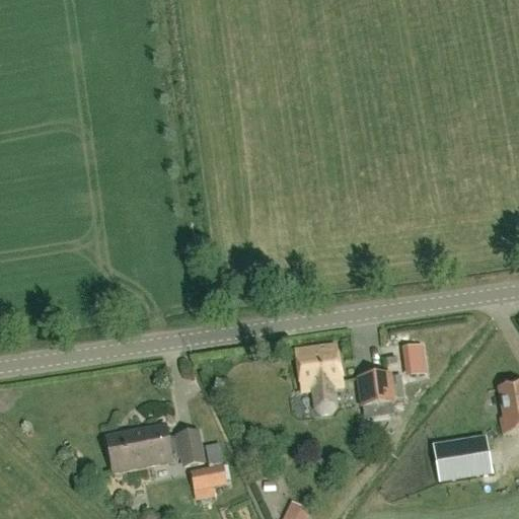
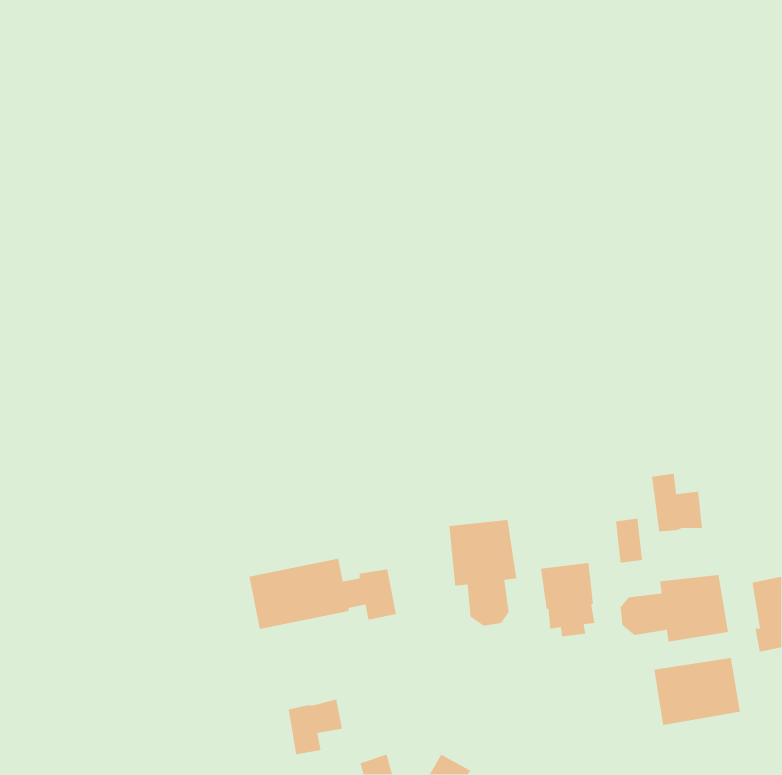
building: none -> [651,473,703,532]
building: none -> [620,574,729,642]
building: [105,423,204,470] -> [249,558,397,630]

